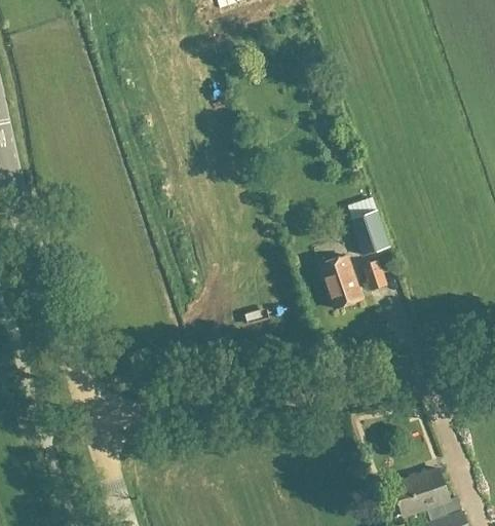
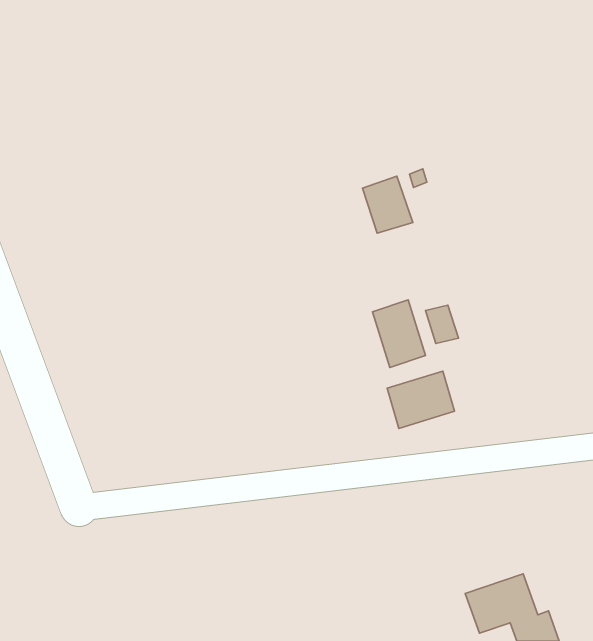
building: [351,210,390,254] -> [363,176,413,233]
building: none -> [387,371,455,429]

